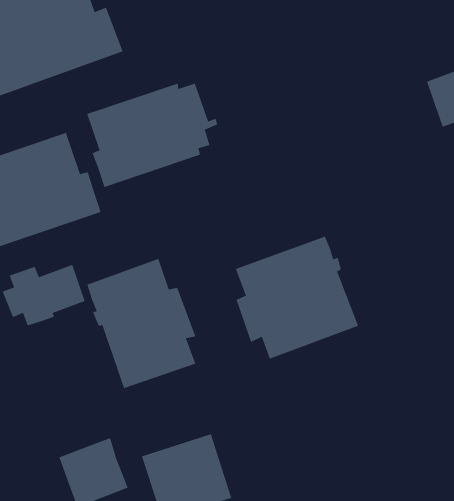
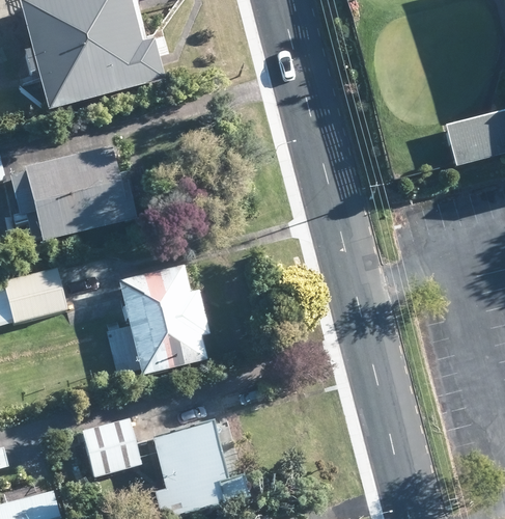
building: [87,83,218,188] -> none
building: [235,236,359,360] -> none

